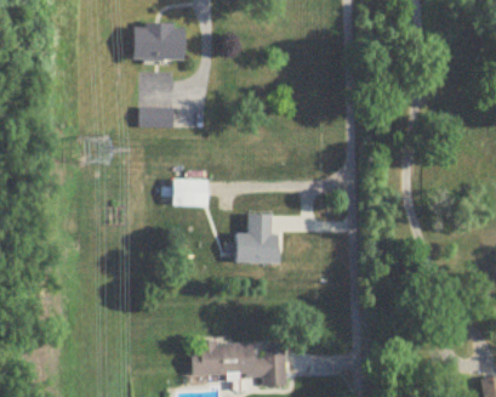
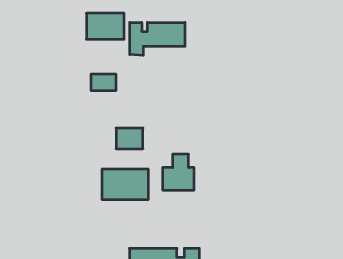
building: none -> [130,22,185,55]
building: none -> [102,169,148,200]

